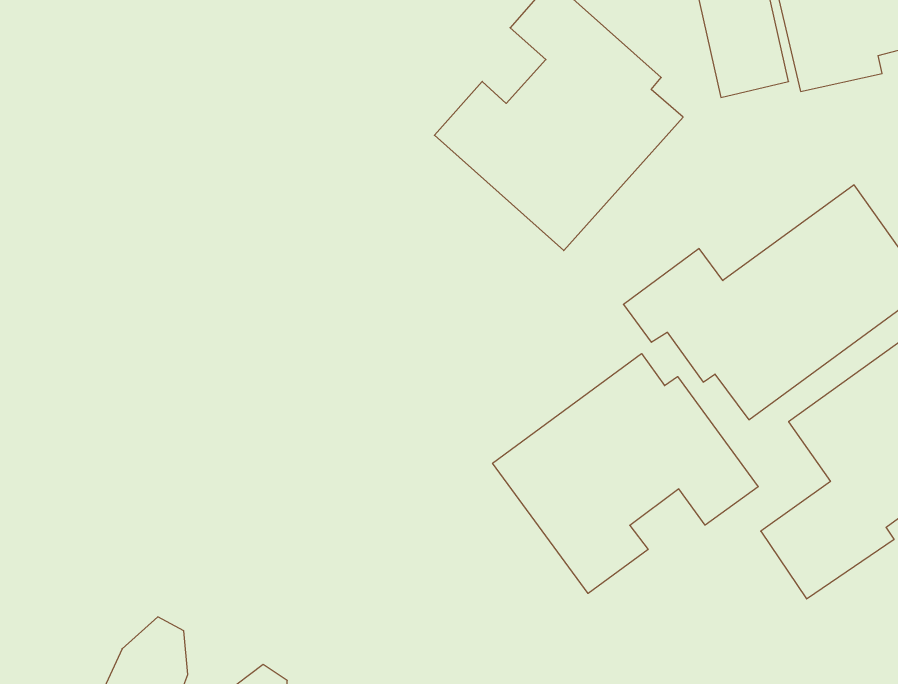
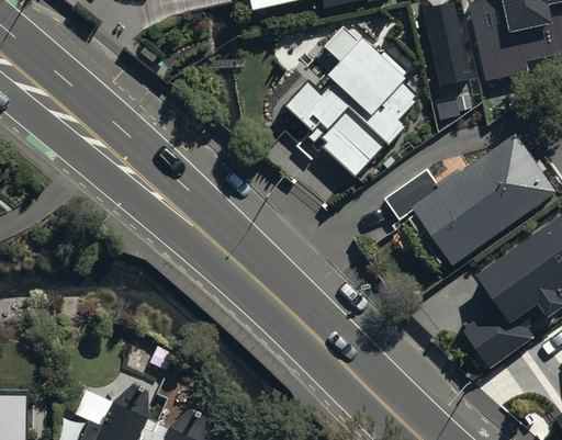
building: [493,354,758,593] -> none

